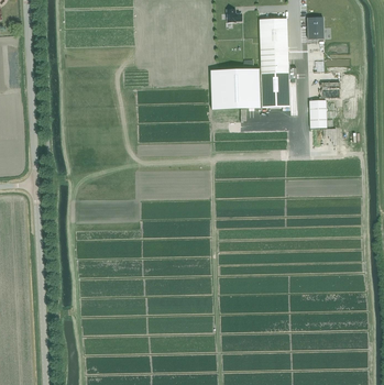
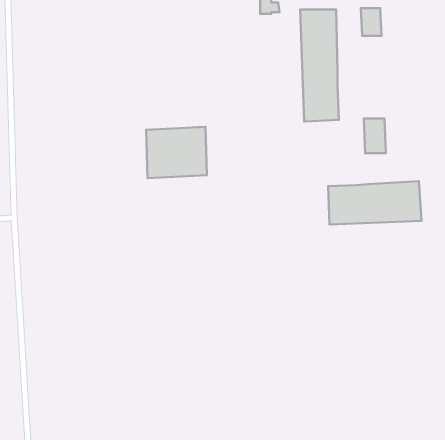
building: [212,68,261,109] -> [146,127,207,178]
building: none -> [328,181,422,225]

